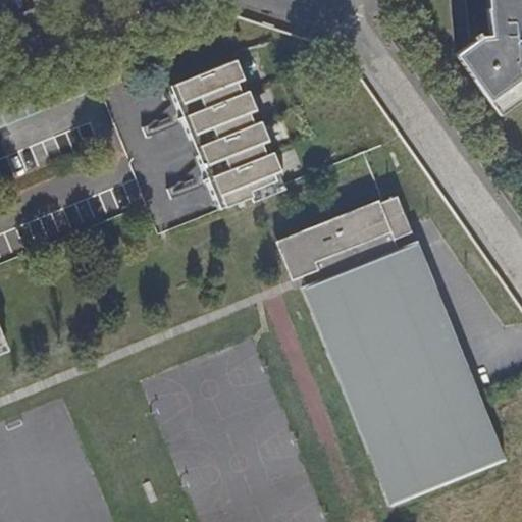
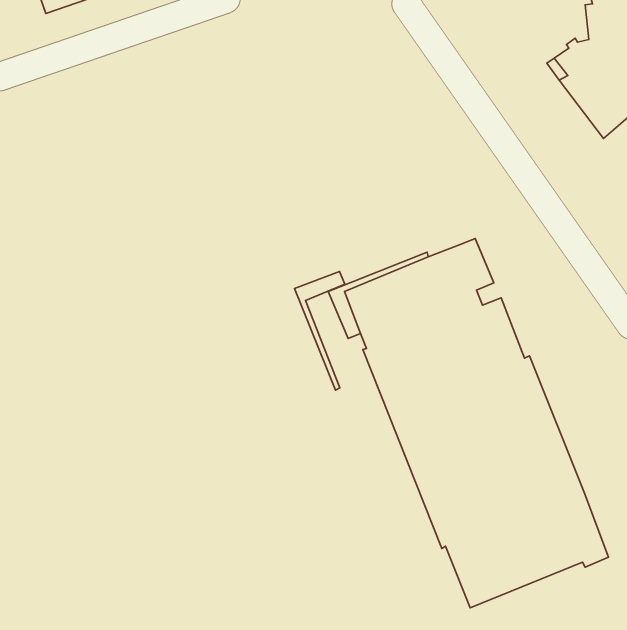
building: [175,62,284,210] -> none
building: none -> [295,271,345,390]

